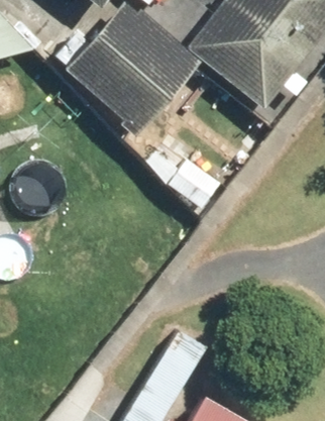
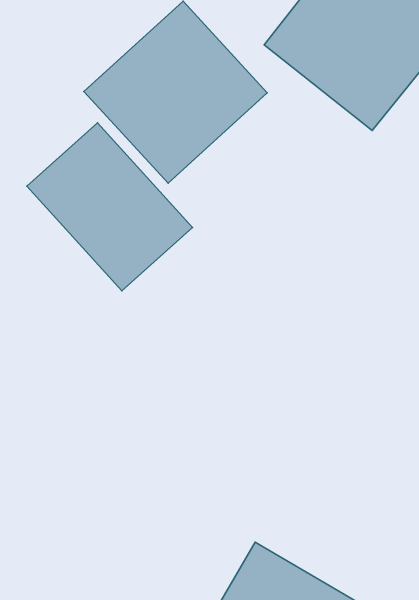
building: none -> [27,123,193,291]

